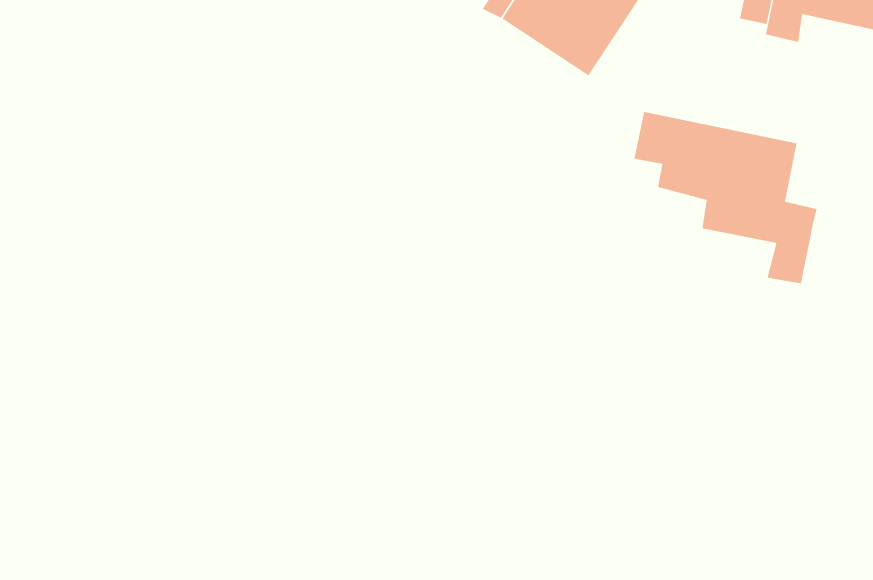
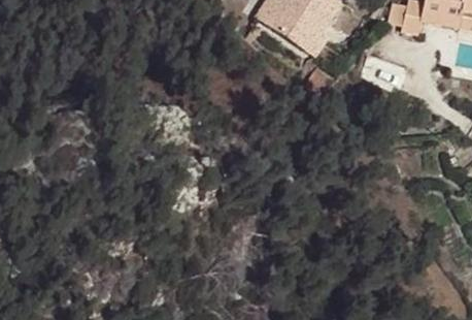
building: [634,111,817,284] -> none

